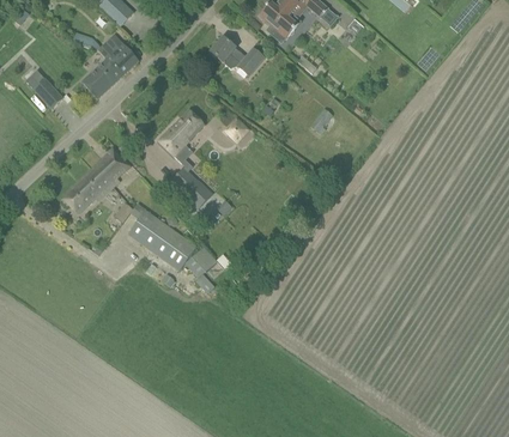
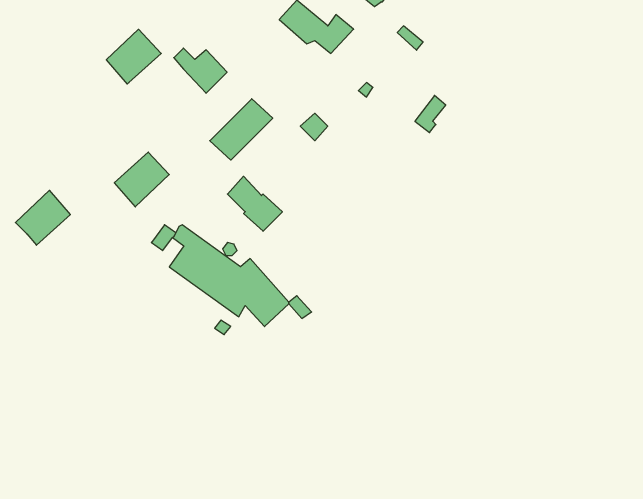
building: [98,42,138,75] -> [174,48,227,93]
building: [25,68,63,108] -> none
building: [62,171,103,212] -> [15,190,70,245]

